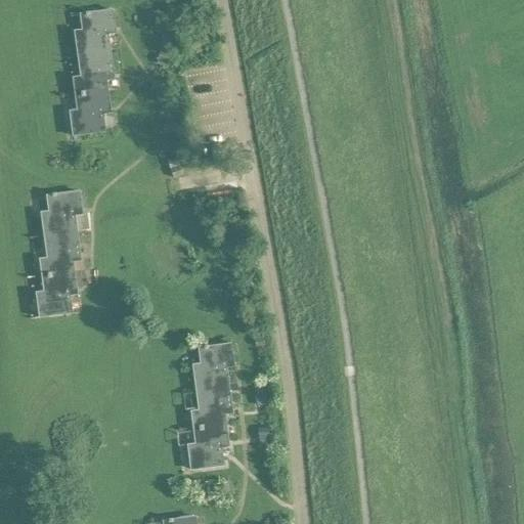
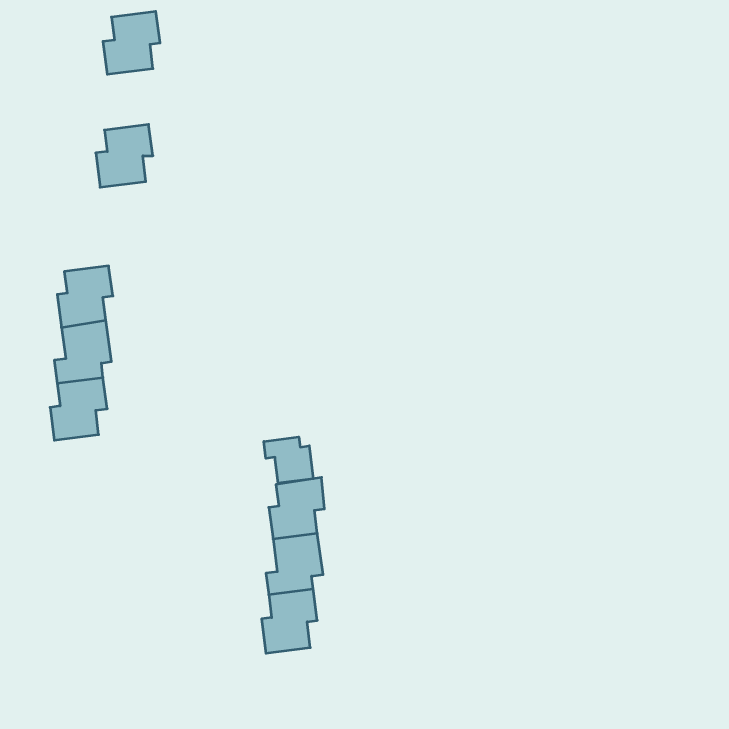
building: [73,49,113,93] -> none
building: none -> [264,437,313,483]

